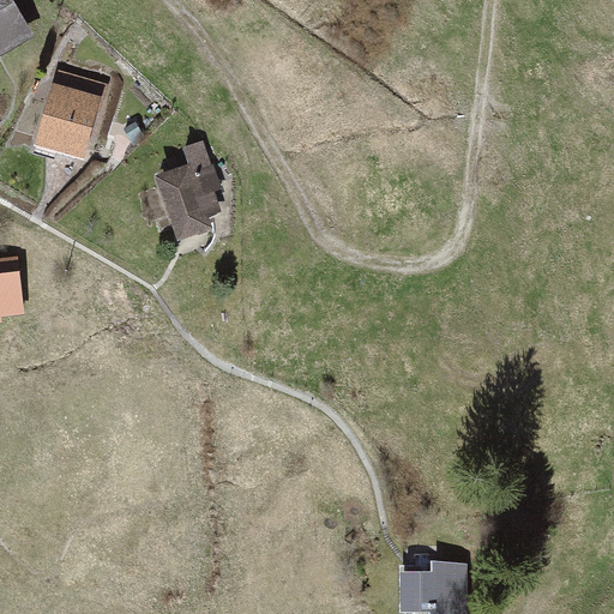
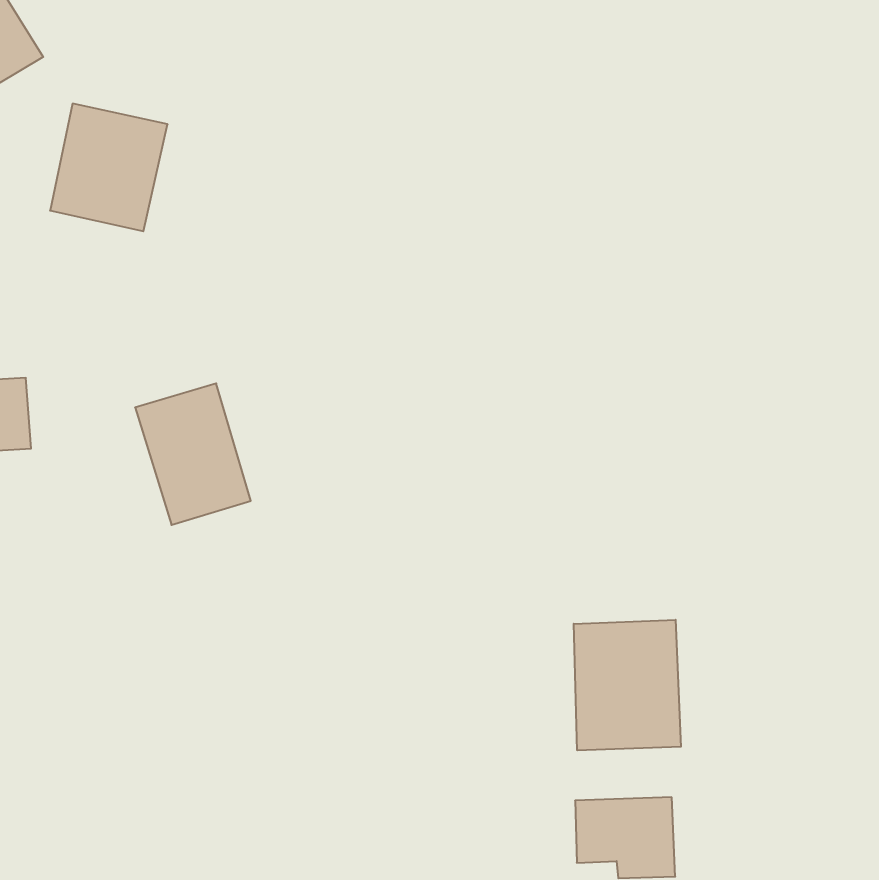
building: [148,145,228,243] -> [135,383,251,525]
building: none -> [574,620,681,750]

